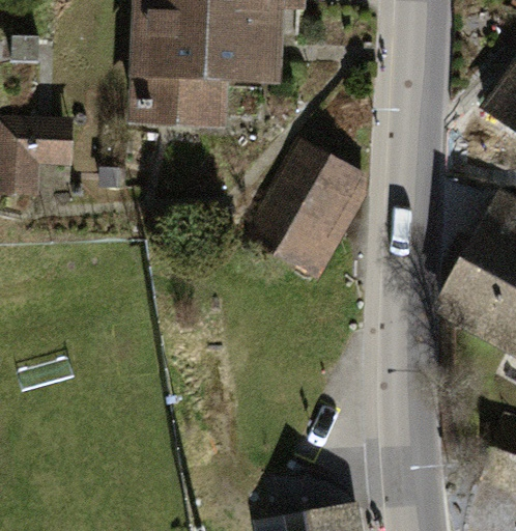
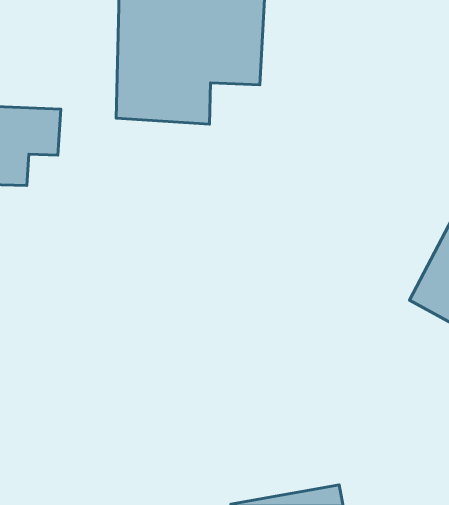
building: [242,135,371,280] -> none

